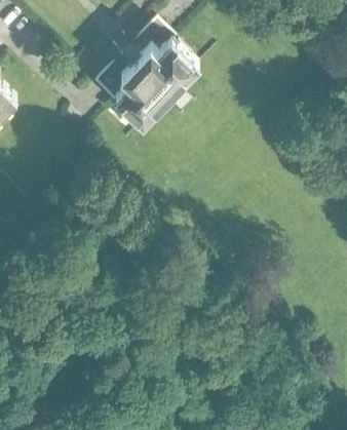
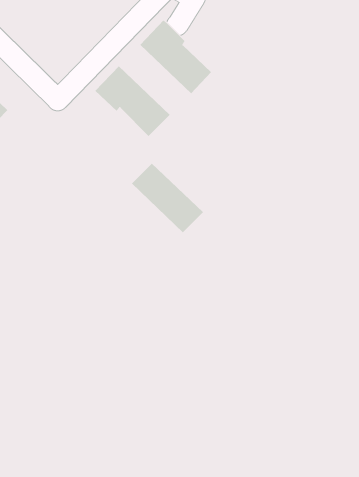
building: [111,43,176,106] -> [131,163,204,233]

